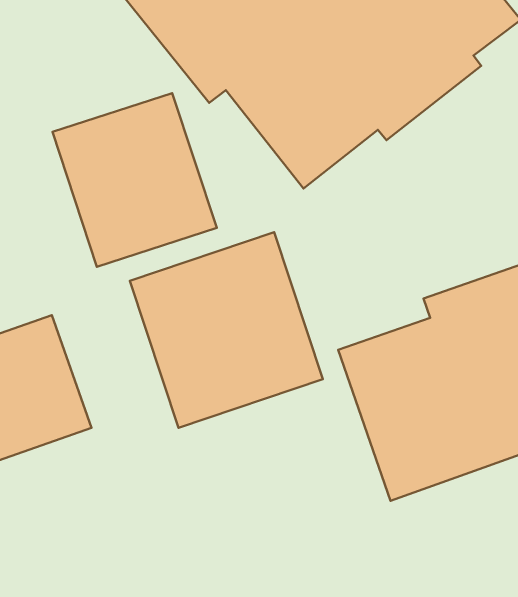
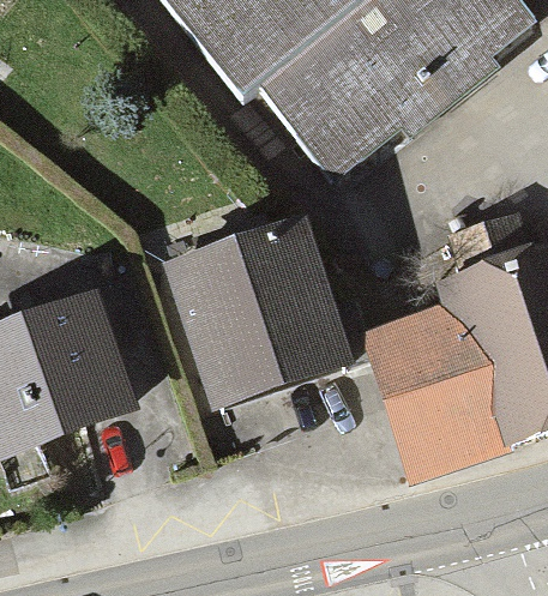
building: [52,93,217,267] -> none

